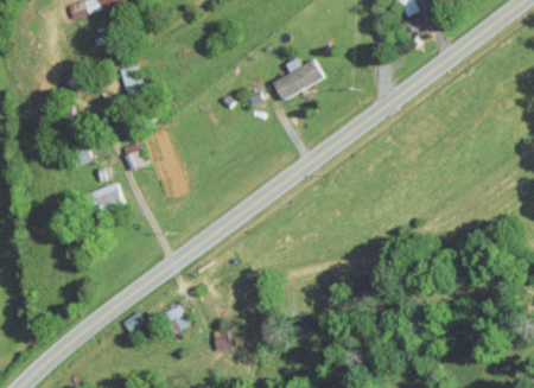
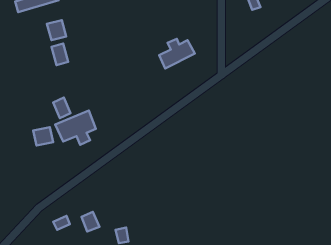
building: none -> [47,20,66,40]
building: none -> [55,110,96,145]

